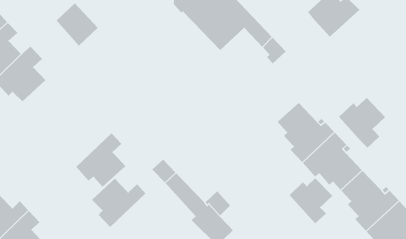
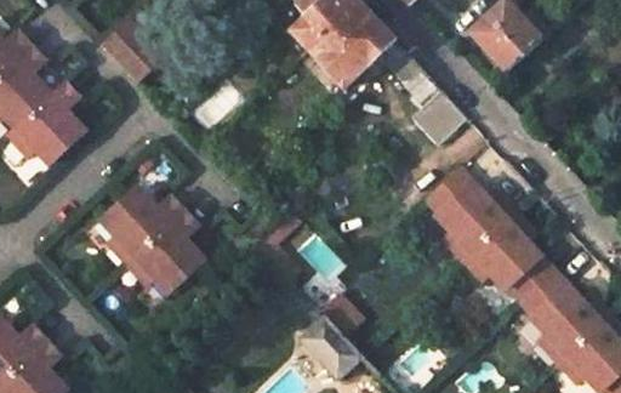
building: none -> [411,91,466,147]
building: [338,97,386,149] -> none
building: [289,178,333,224] -> none
building: [91,178,146,228] -> [99,188,181,262]

